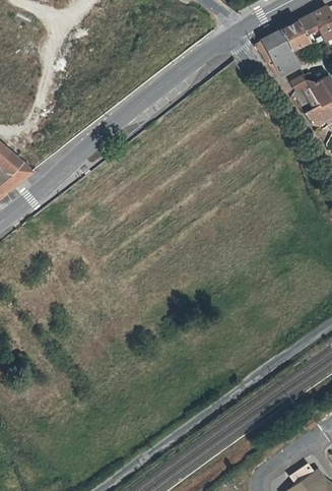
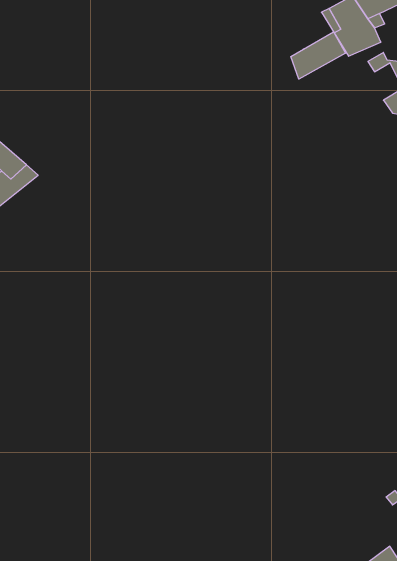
building: none -> [291,32,345,79]

